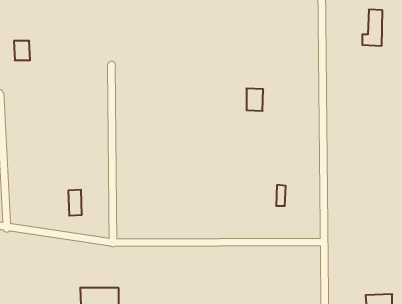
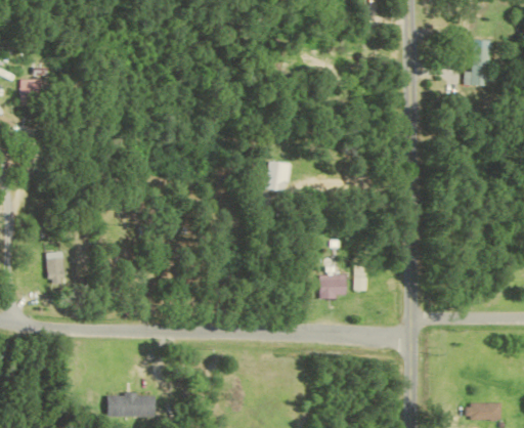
building: [246,88,263,111] -> [268,161,290,189]
building: [68,190,82,216] -> [47,251,64,284]
building: none -> [319,274,346,297]

